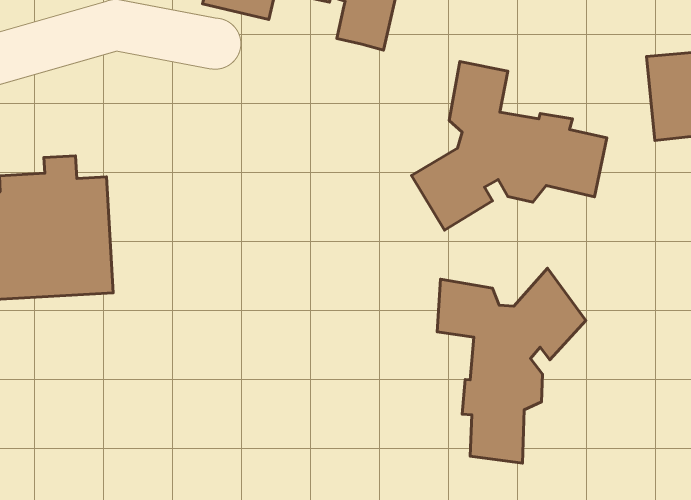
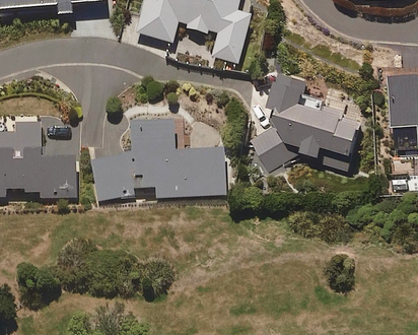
building: none -> [91,116,224,199]
building: [437,268,586,463] -> none

